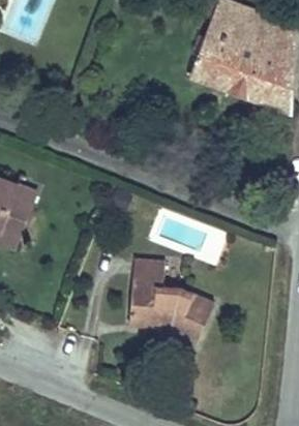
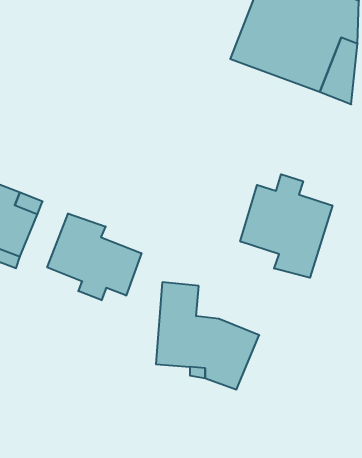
building: none -> [240,174,332,278]
building: none -> [47,213,141,300]

